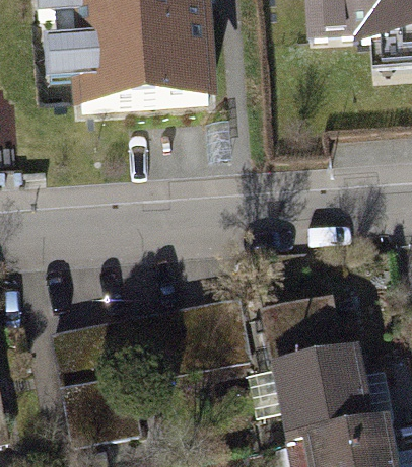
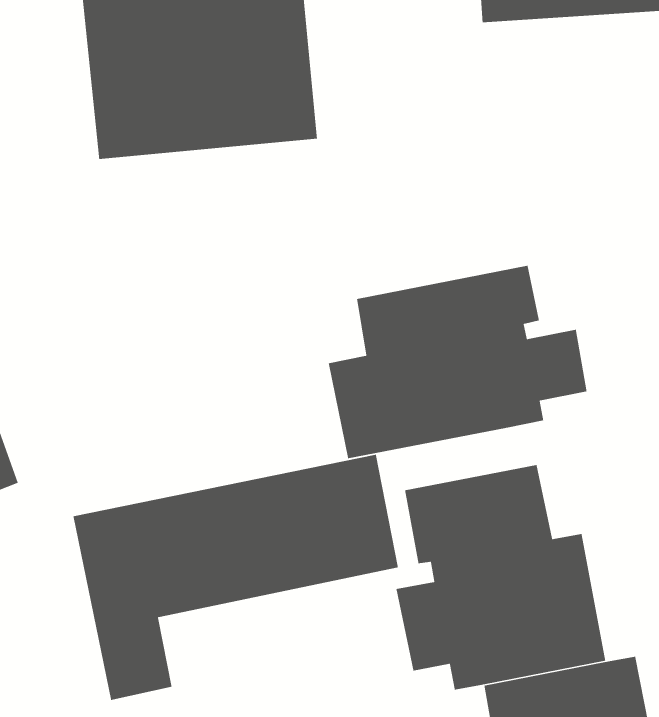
building: none -> [328,265,587,459]

